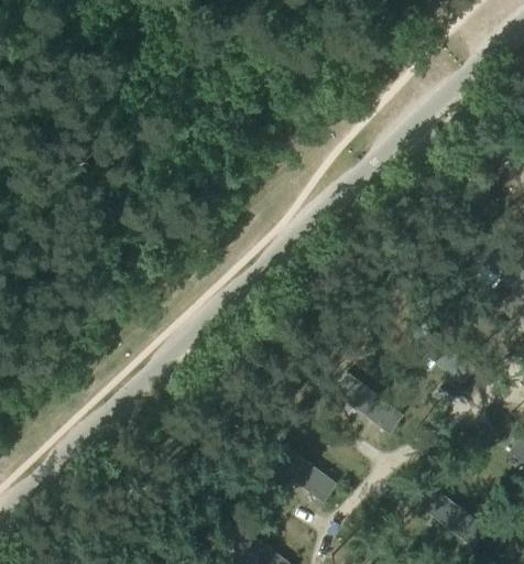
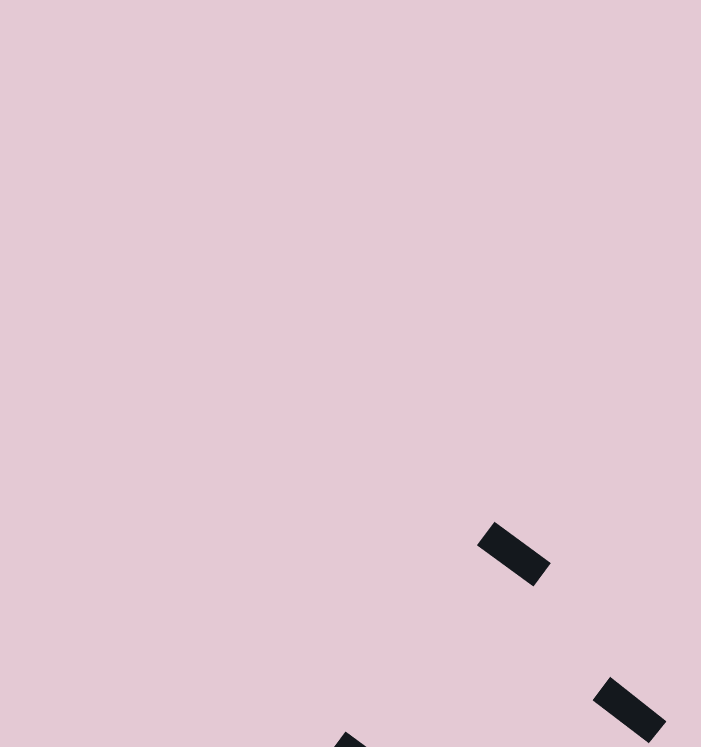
building: [281,452,336,501] -> none

